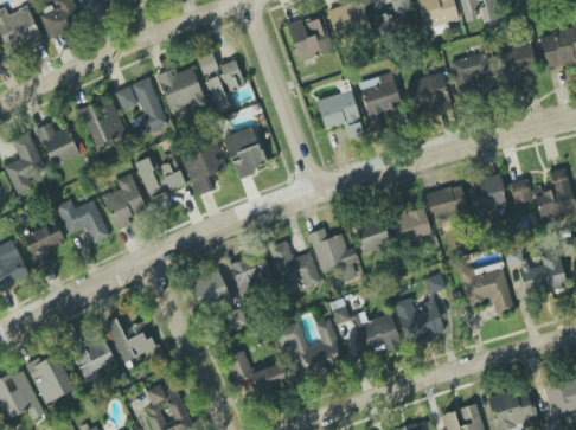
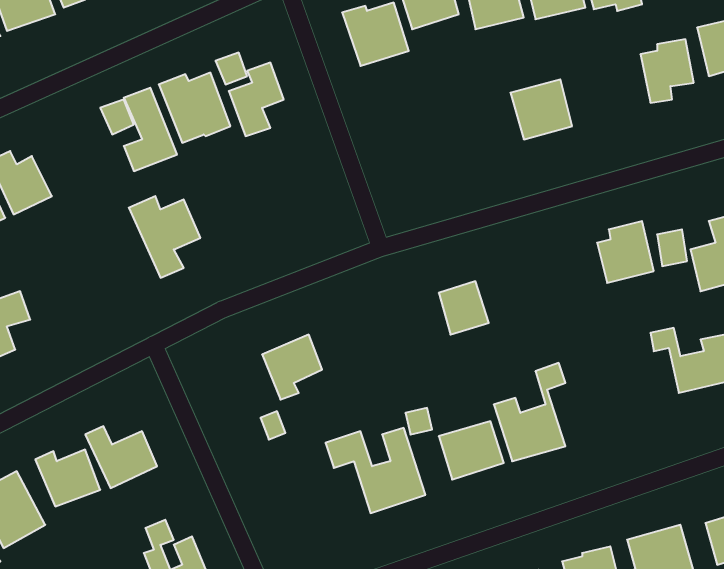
building: [449,52,489,95] -> none
building: [357,71,404,124] -> none
building: [316,90,363,139] -> none
building: [78,96,127,147] -> none
building: [222,126,267,177] -> none
building: [180,140,226,195] -> none
building: [101,173,146,231] -> none
building: [425,184,467,222] -> none
building: [56,199,109,243] -> none
building: [388,200,430,242] -> none
building: [307,227,358,278] -> none
building: [268,240,320,288] -> none
building: [459,267,512,315] -> none
building: [190,269,229,306] -> none
building: [226,349,286,392] -> none

